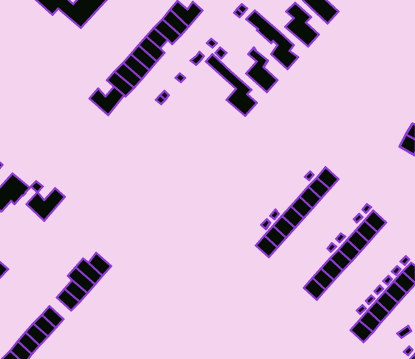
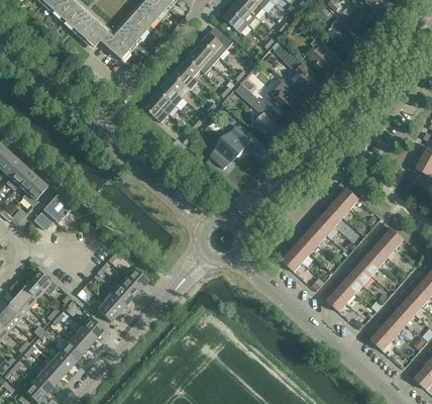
building: [90,87,124,115] -> none
building: none -> [210,124,251,167]
building: [26,188,65,221] -> none

